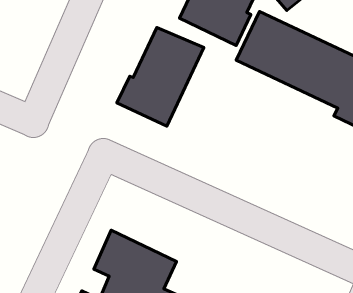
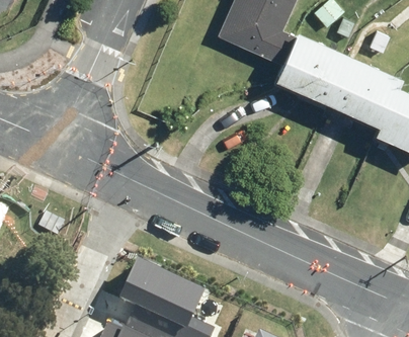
building: [117,28,204,126] -> none

